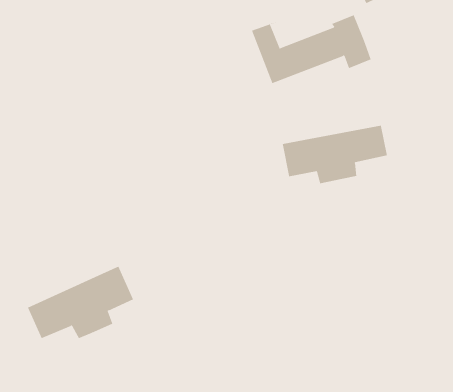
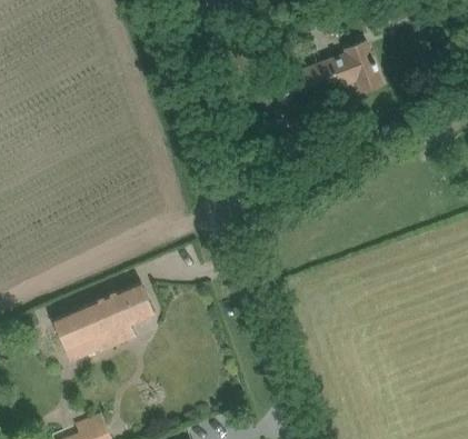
building: [282,125,387,184] -> none

